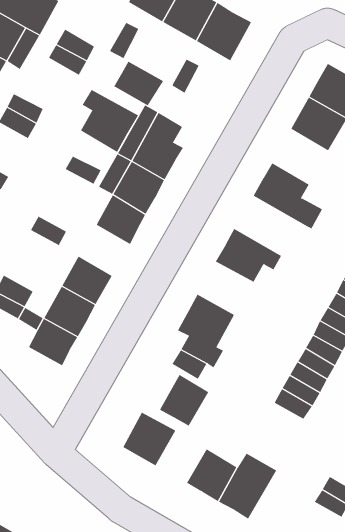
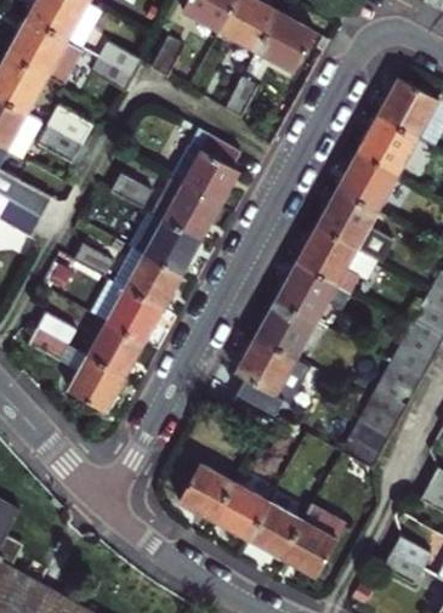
building: [114,61,164,106] -> none
building: [80,89,139,153] -> none
building: none -> [336,152,398,212]
building: none -> [295,225,377,290]
building: none -> [110,249,182,312]
building: none -> [255,296,317,354]
building: [159,374,209,427] -> [210,481,265,538]

